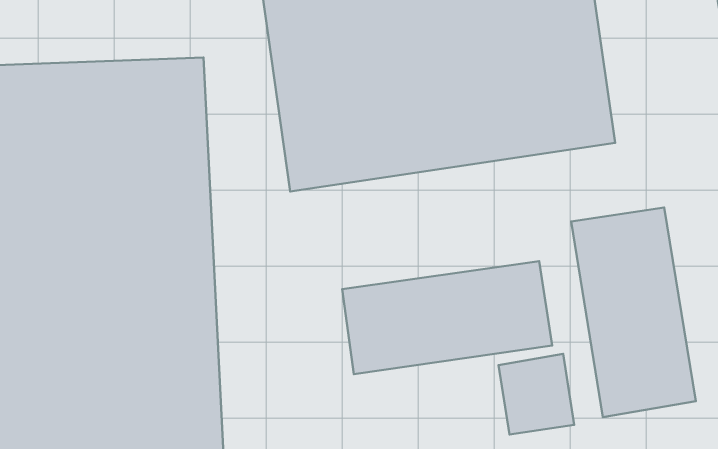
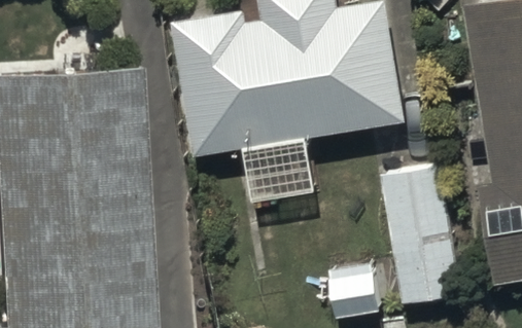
building: [342,261,552,374] -> none

